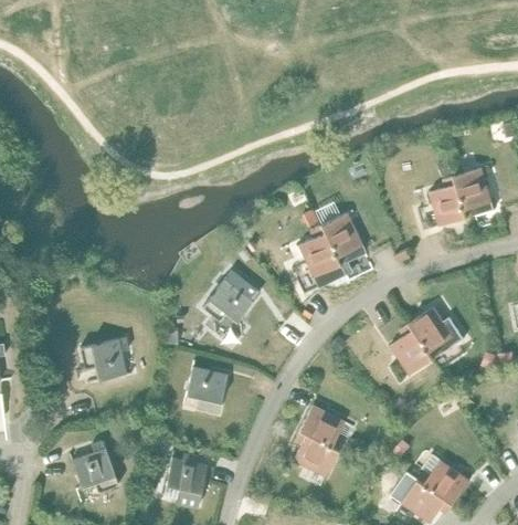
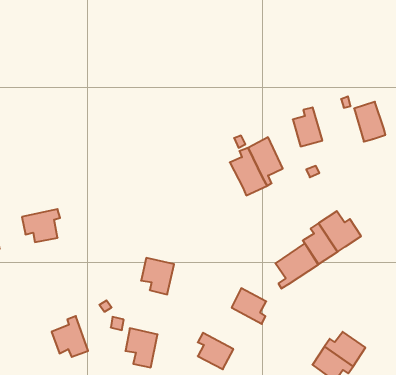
building: [430,176,467,225] -> [293,107,322,146]
building: [201,270,258,322] -> none
building: [80,337,128,379] -> [22,209,60,242]
building: none -> [275,243,318,289]
building: [293,429,338,475] -> [198,333,233,369]

